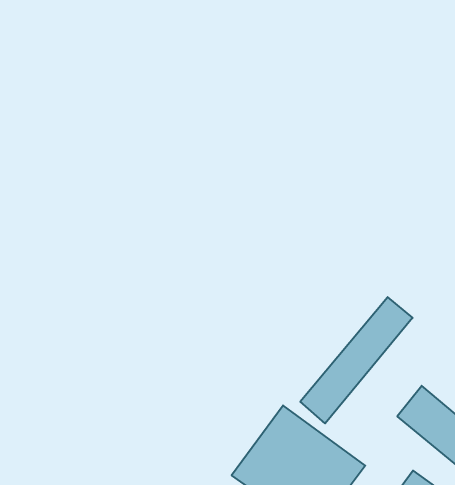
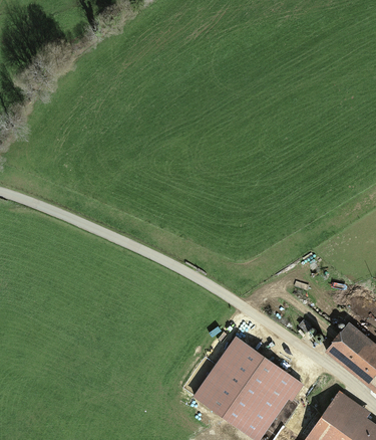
building: [300,297,413,423] -> none

